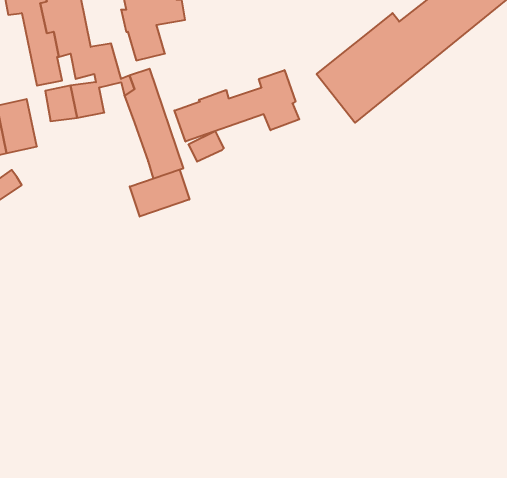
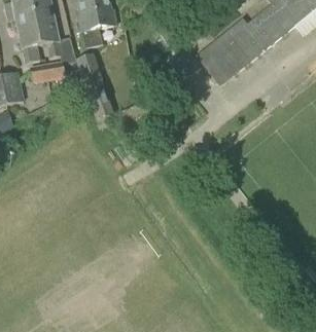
building: [174,70,299,142] -> none
building: [130,170,189,217] -> none

